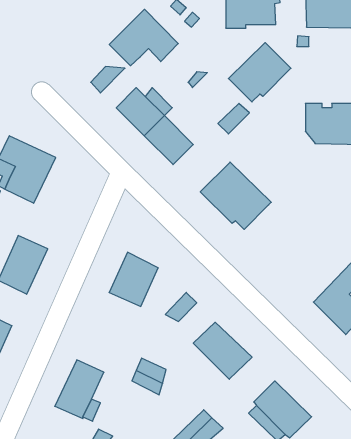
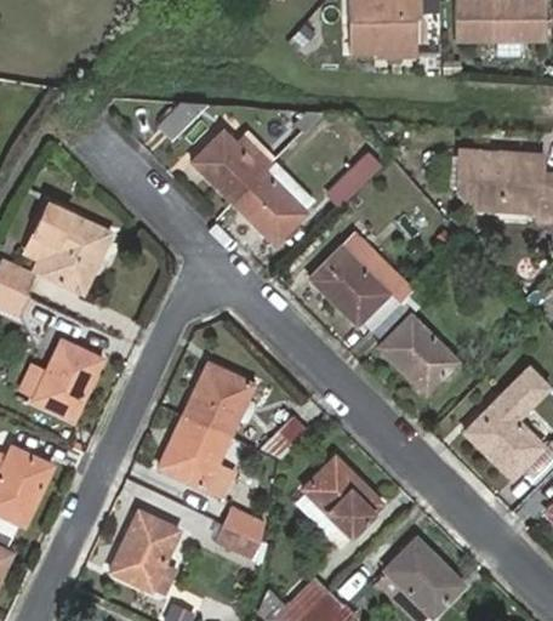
building: [109,9,178,66] -> none
building: [228,43,291,102] -> none
building: none -> [372,295,456,388]
building: none -> [160,416,250,500]

